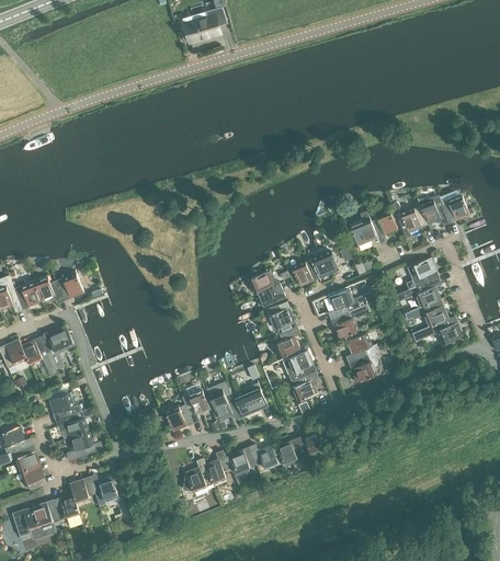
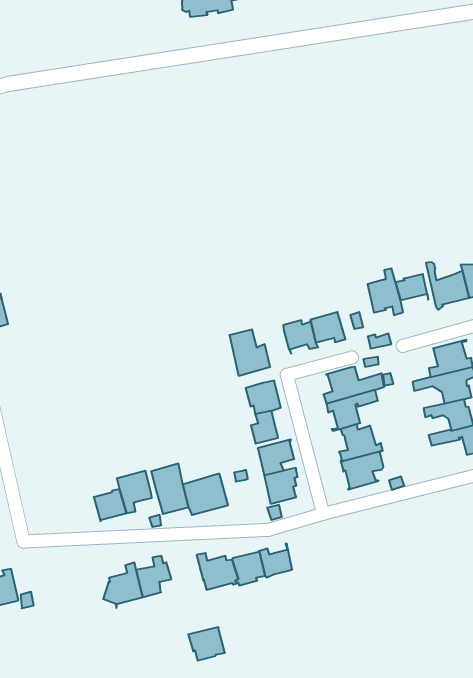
building: [227,447,257,474] -> [188,627,225,661]

